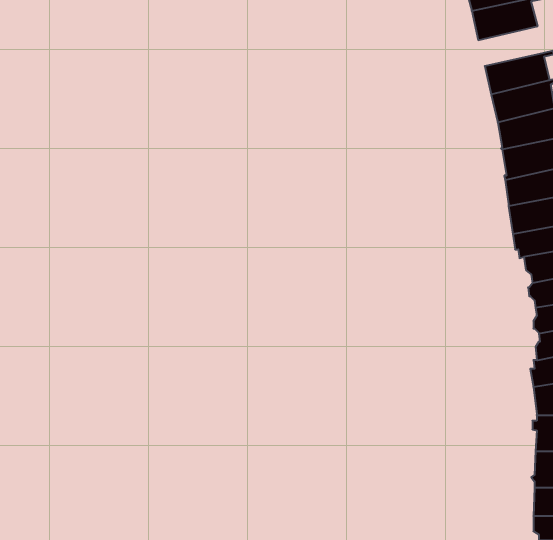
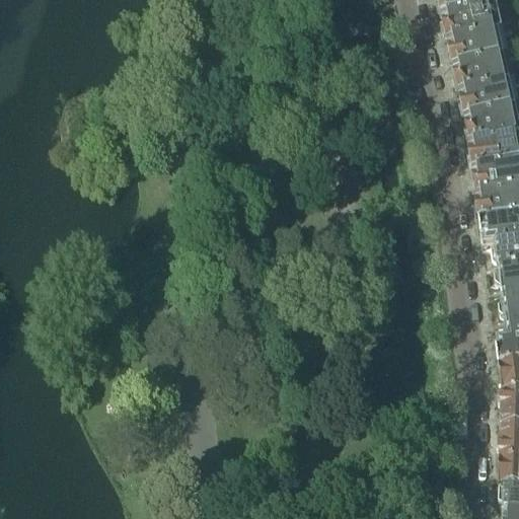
building: none -> [448,23,513,62]

